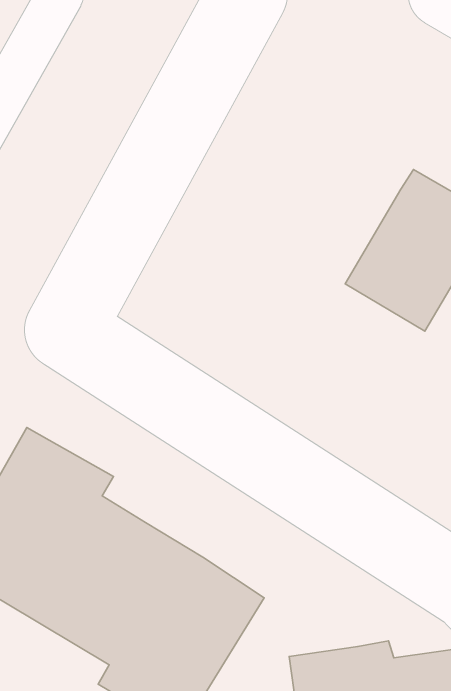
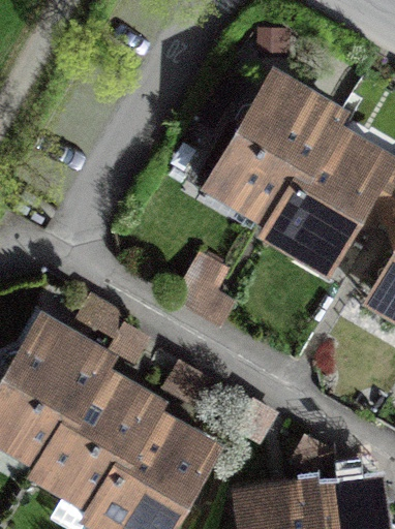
building: none -> [213,77,337,217]

